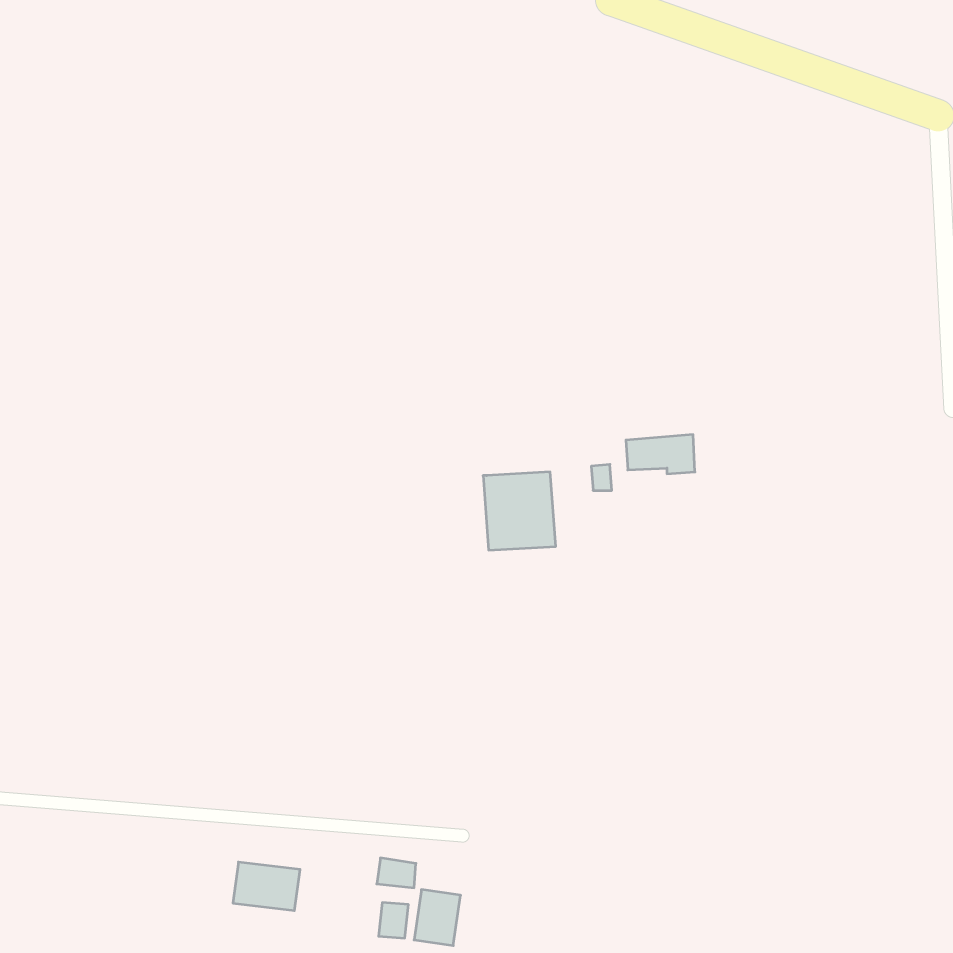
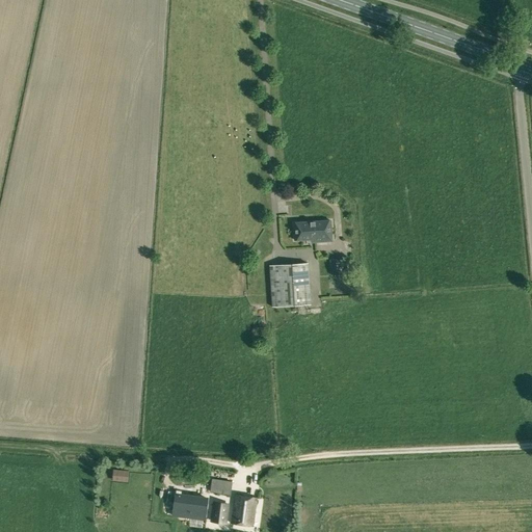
building: [626,435,695,474] -> [293,220,331,242]
building: [233,862,300,911] -> [171,494,209,521]

